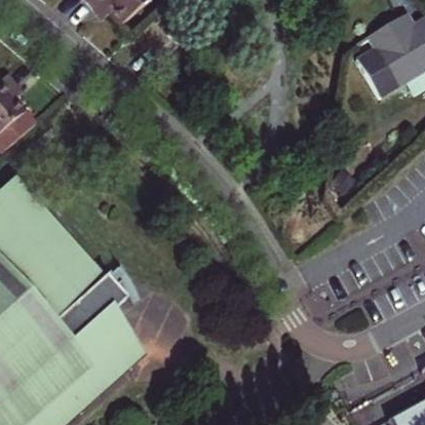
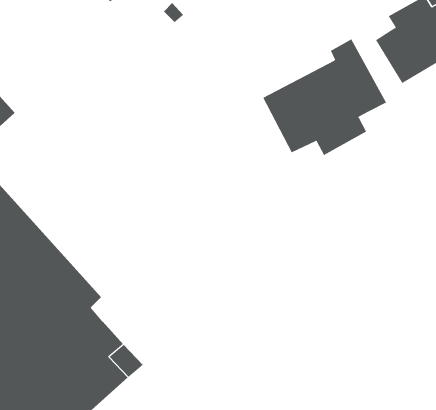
building: none -> [263,38,387,156]

